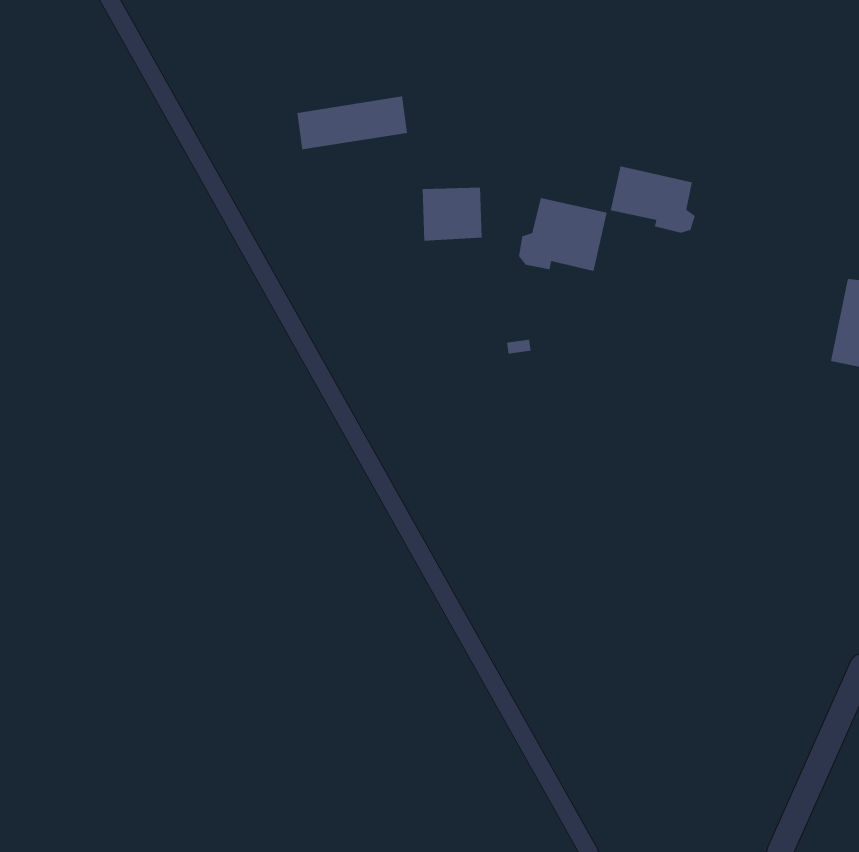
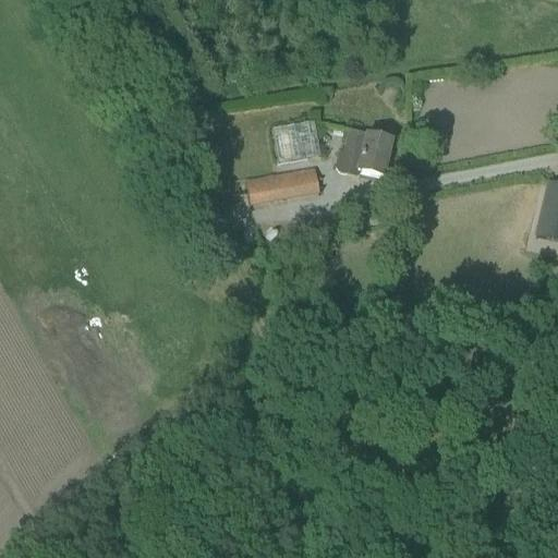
building: [296,96,408,150] -> [247,167,319,202]
building: [610,166,696,233] -> none

